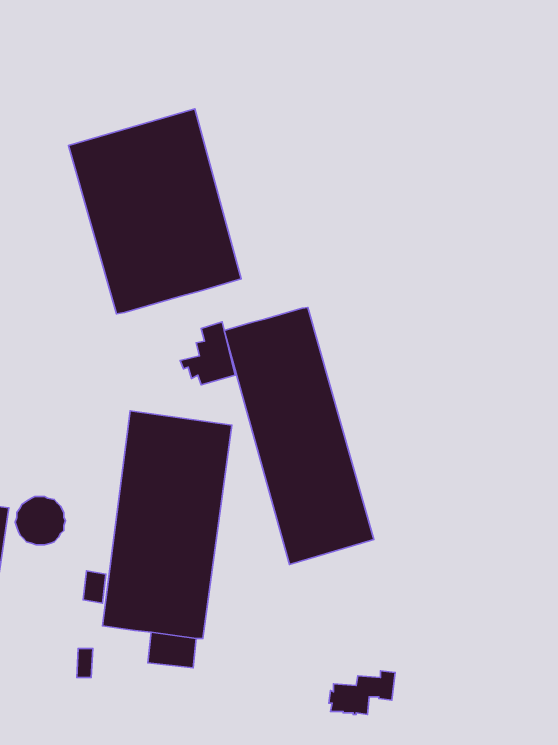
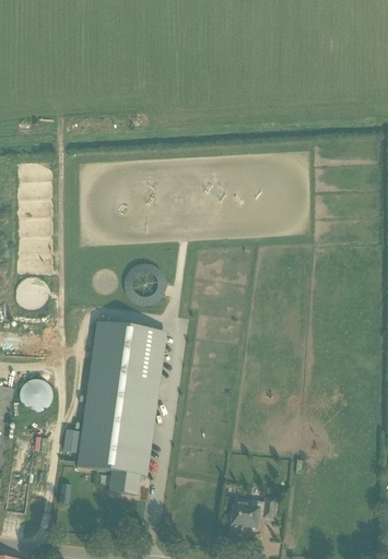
building: [68,109,241,314] -> none
building: [224,308,374,564] -> none

